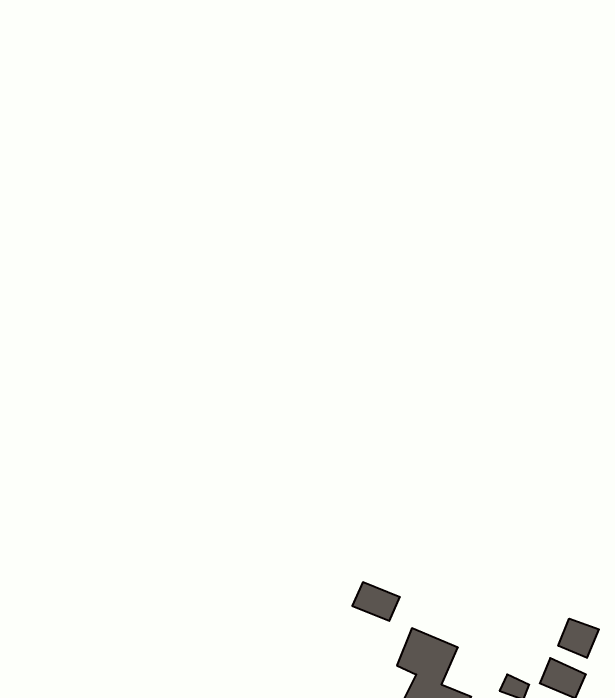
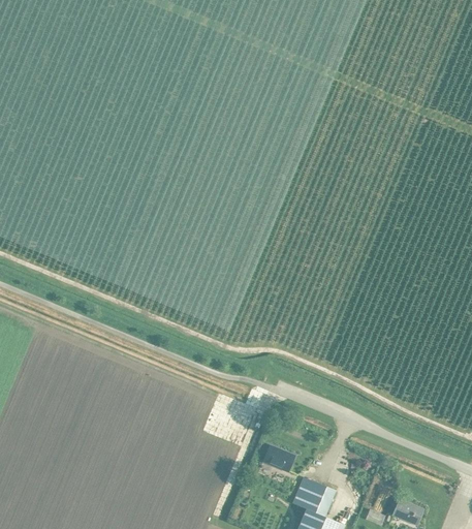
building: [558,619,599,658] -> none

